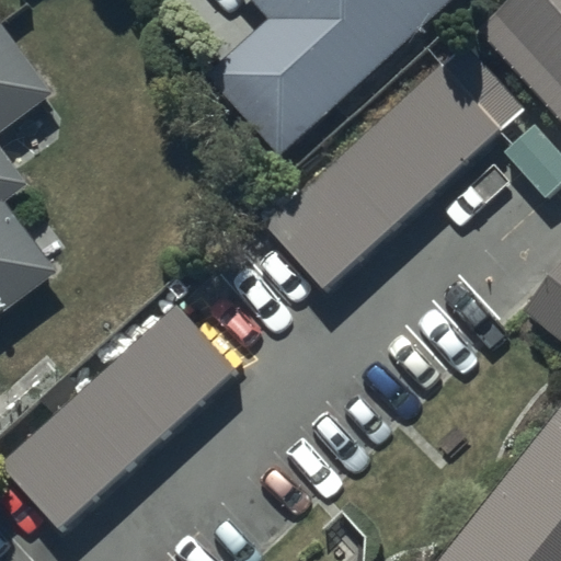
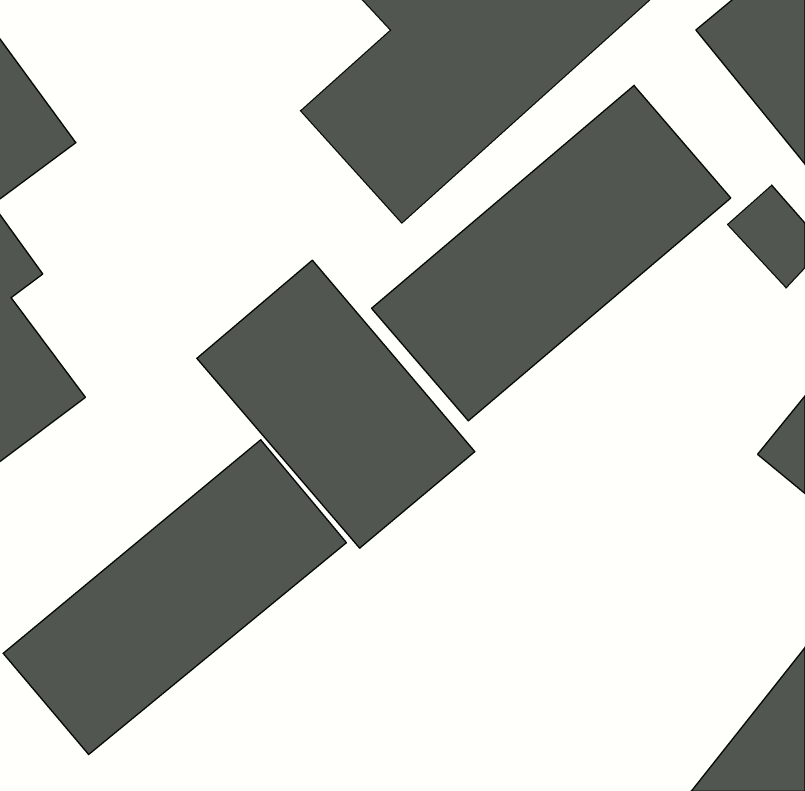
building: none -> [197,260,475,548]

